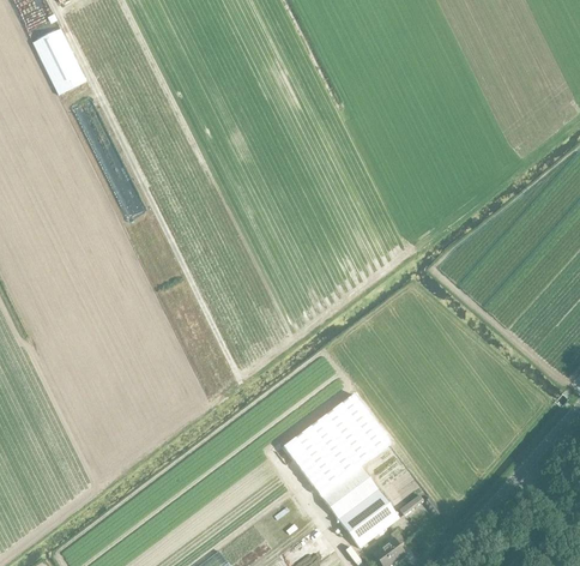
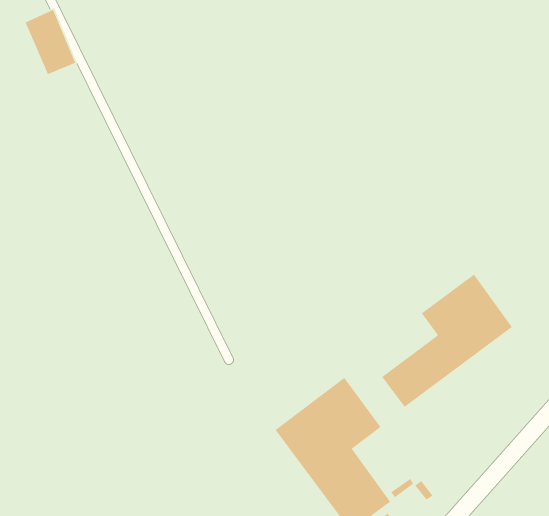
building: none -> [381,273,513,408]

